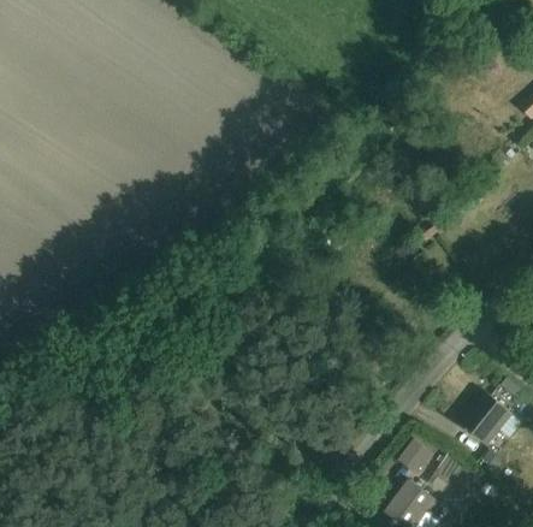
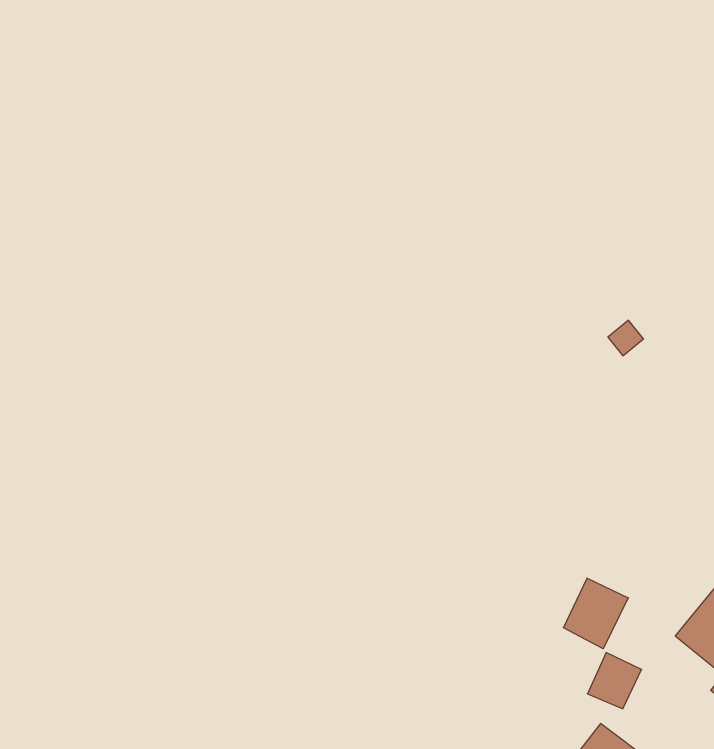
building: none -> [564,578,628,649]

